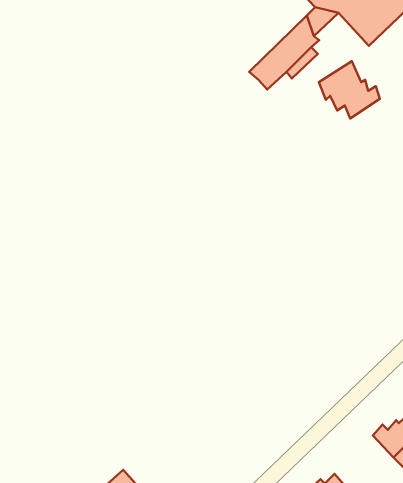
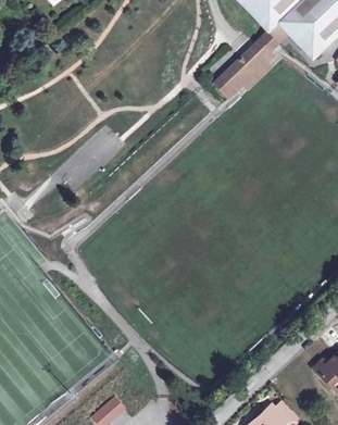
building: [319,61,380,119] -> none

